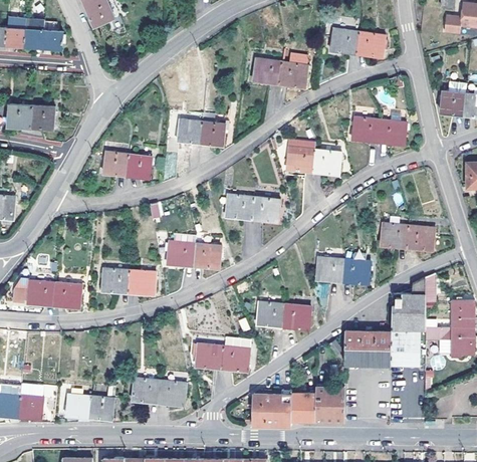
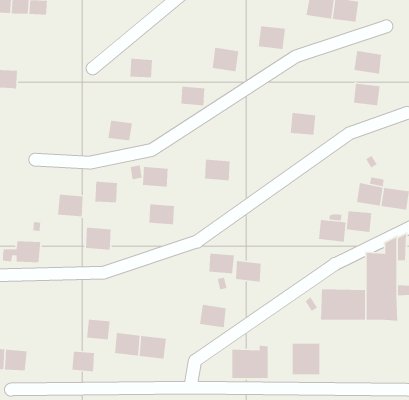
building: [255,56,283,82] -> [212,47,239,72]
building: [32,106,56,129] -> none
building: [351,115,381,141] -> [354,50,382,74]
building: [178,121,202,142] -> [129,58,153,78]
building: [286,148,315,172] -> none
building: [101,154,129,177] -> none
building: [251,200,278,223] -> none
building: [194,246,221,268] -> [142,166,169,188]
building: [317,258,344,281] -> [346,210,372,233]
building: [129,270,153,293] -> [94,181,118,203]
building: [55,283,82,307] -> [57,194,84,217]
building: [283,305,310,327] -> [209,253,235,274]
building: [195,343,223,369] -> none
building: [291,393,315,421] -> none
building: [65,394,90,416] -> [86,319,110,340]

